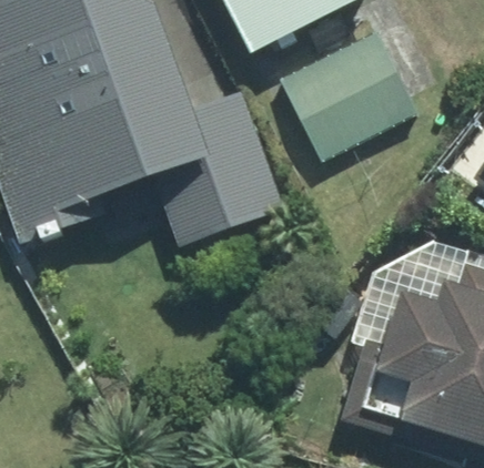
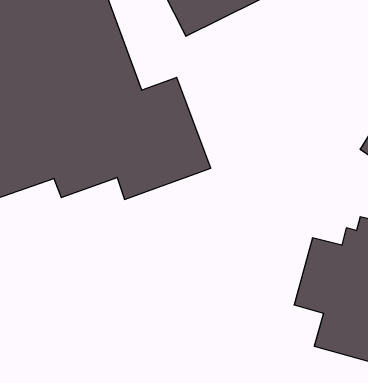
building: [276,34,412,161] -> none

